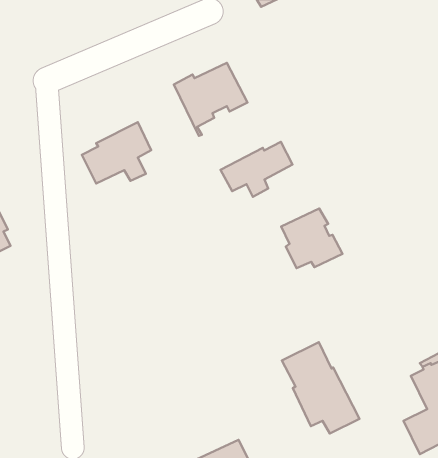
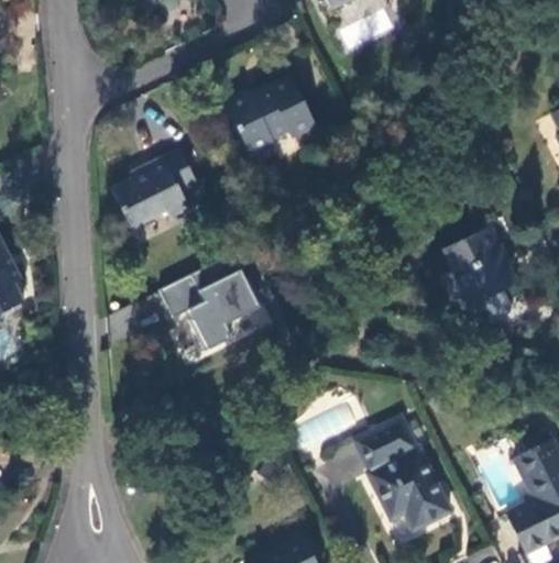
building: [221,142,292,197] -> none
building: [281,209,343,268] -> [443,230,518,302]
building: none -> [161,268,273,362]

